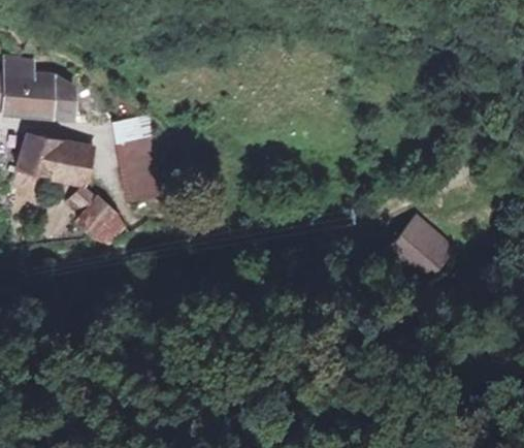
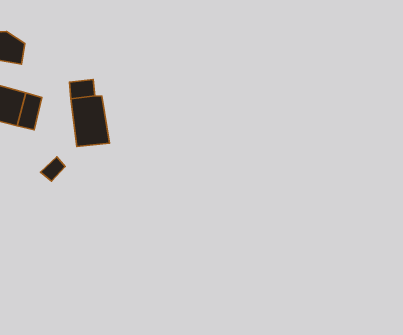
building: [72,185,113,232] -> none
building: [388,217,454,281] -> none

